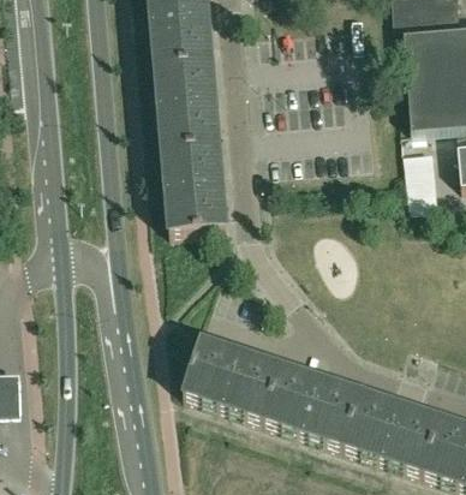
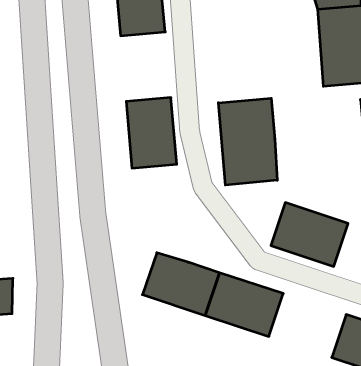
building: [155,59,219,147] -> none
building: none -> [218,98,277,185]
building: [342,389,440,470] -> [271,203,348,266]

